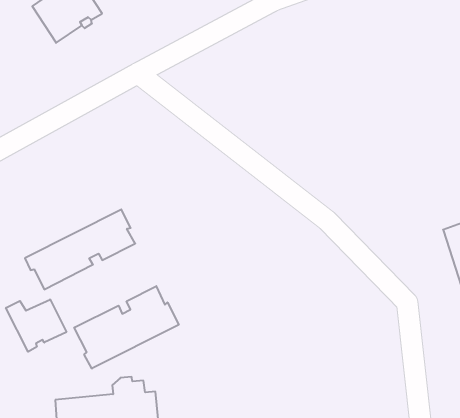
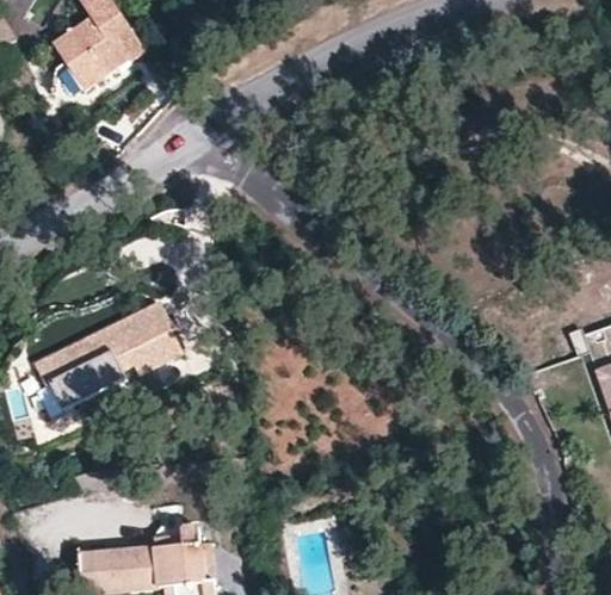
building: [74,286,179,369] -> none
building: [6,299,66,352] -> none

